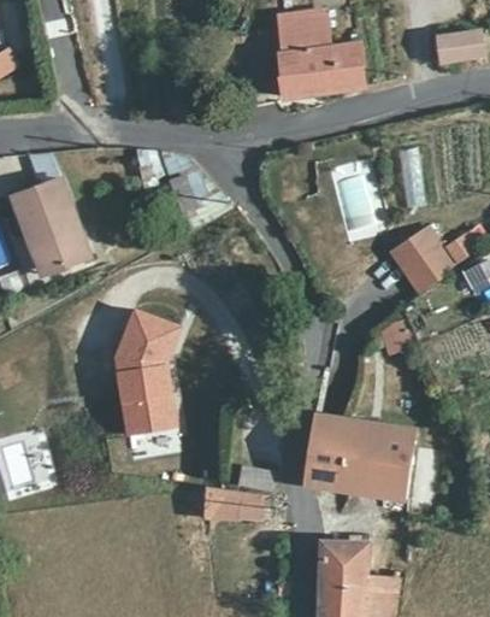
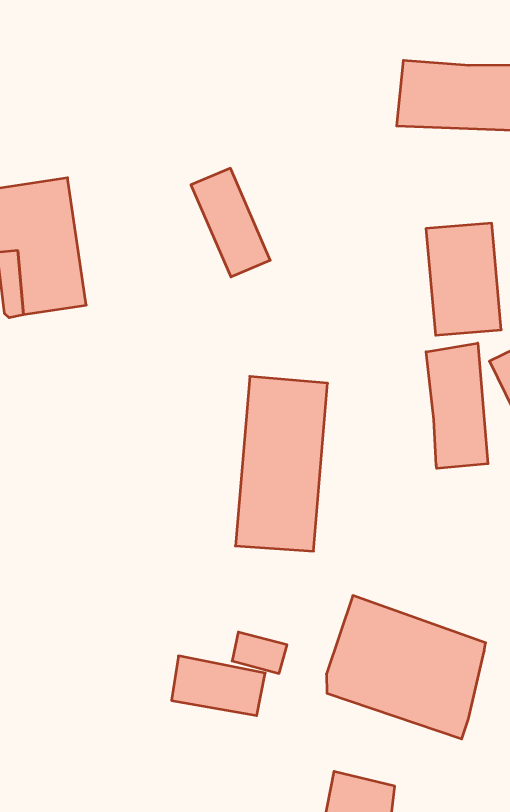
building: [289,18,335,53] -> none
building: none -> [426,343,488,468]
building: [113,313,176,435] -> [235,376,328,551]

